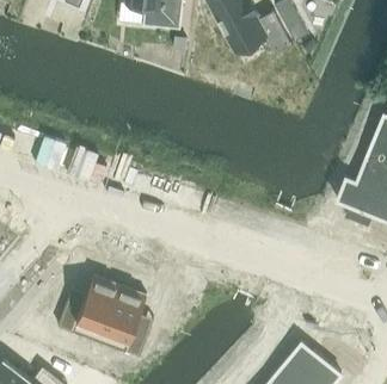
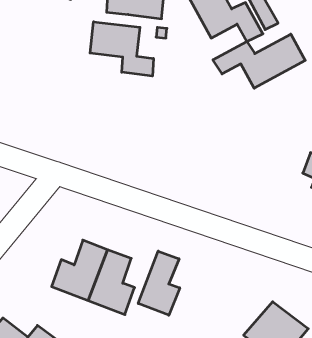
building: none -> [90,22,153,76]
building: none -> [213,34,305,88]
building: none -> [138,251,180,315]

